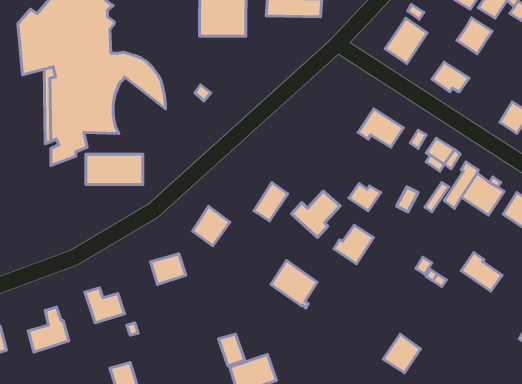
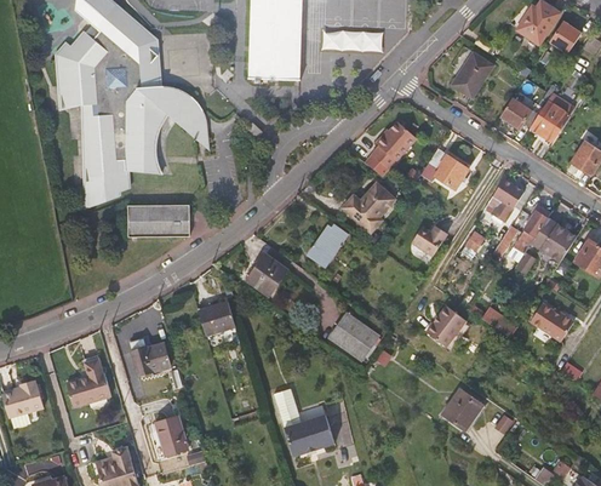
building: [457,18,492,54] -> [530,104,567,143]
building: none -> [364,122,418,177]
building: [292,191,340,237] -> [343,183,395,233]
building: [334,225,373,264] -> [425,309,468,350]

